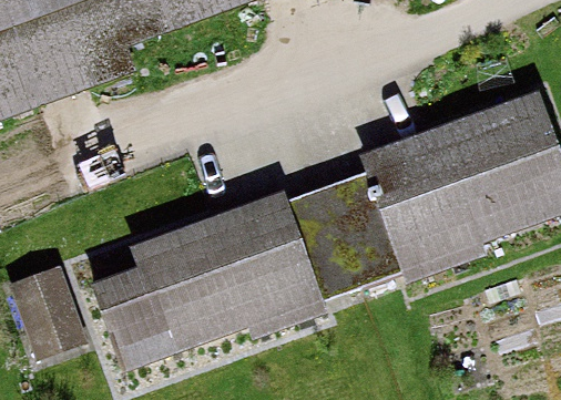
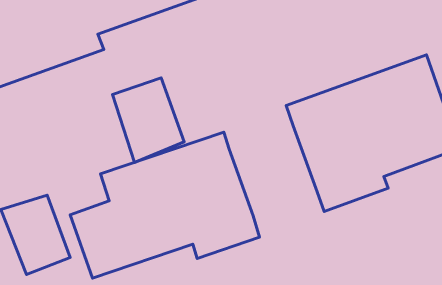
building: none -> [112,78,184,162]
building: [290,176,400,288] -> none

